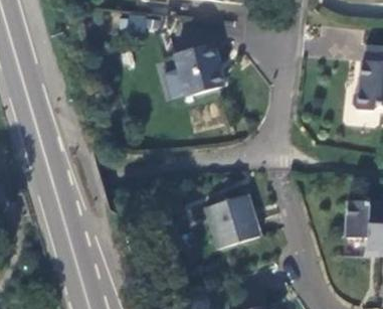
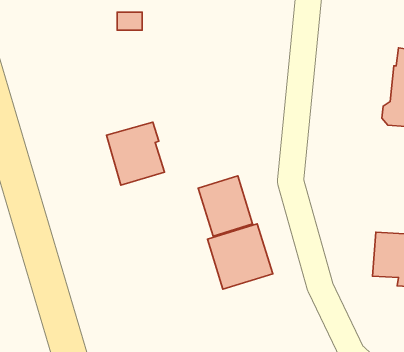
building: [174,43,223,97] -> [106,122,165,185]
building: none -> [198,176,253,236]

